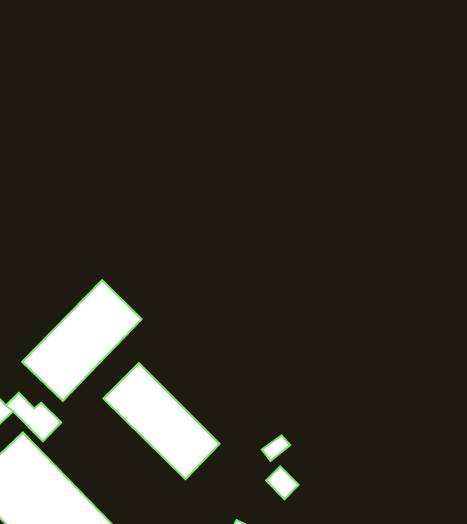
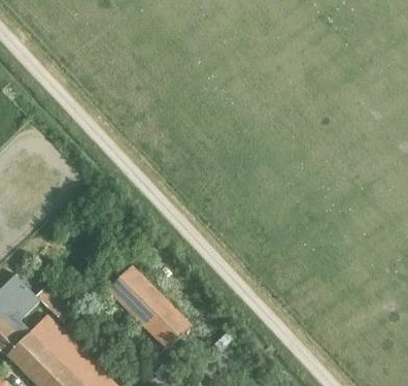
building: [22,280,141,401] -> none

